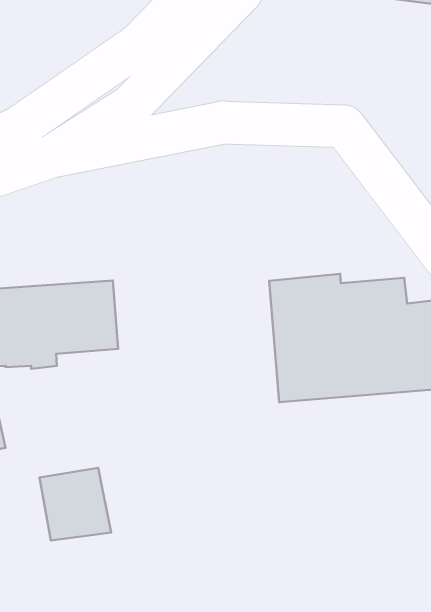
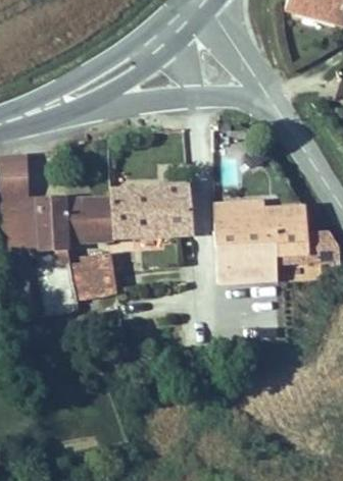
building: none -> [110,182,193,245]
building: [40,468,111,541] -> [71,252,117,299]

